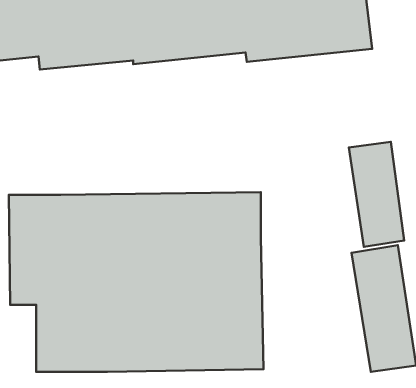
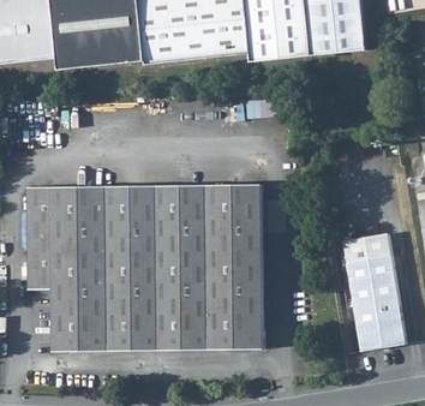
building: [349,142,404,247] -> none

